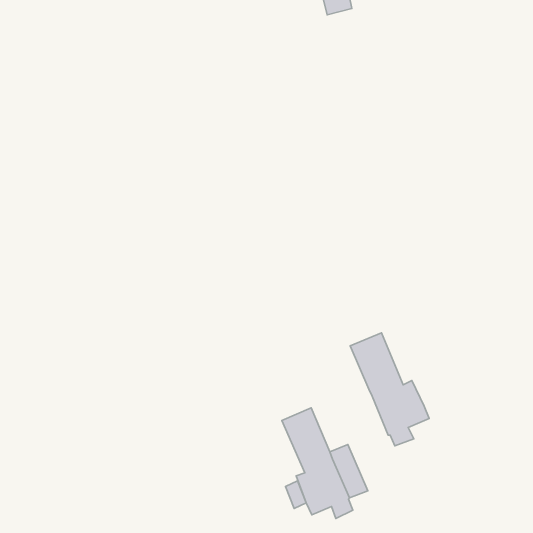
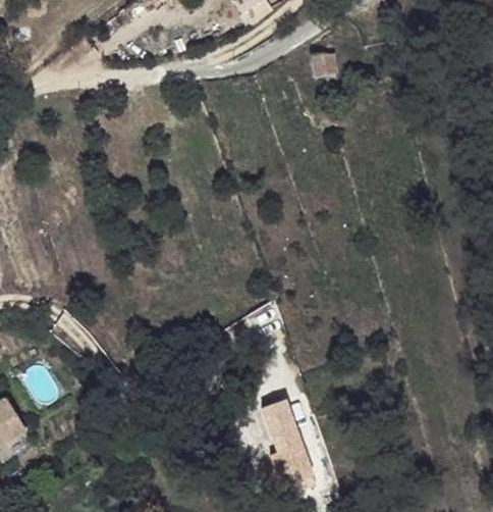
building: [350,333,429,446] -> none

